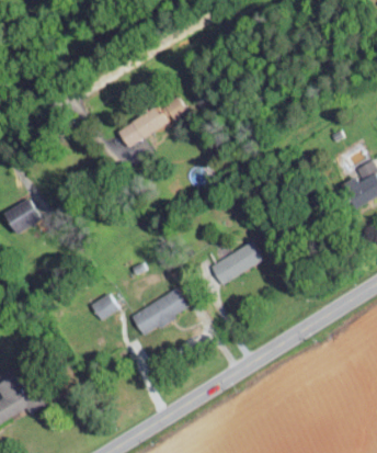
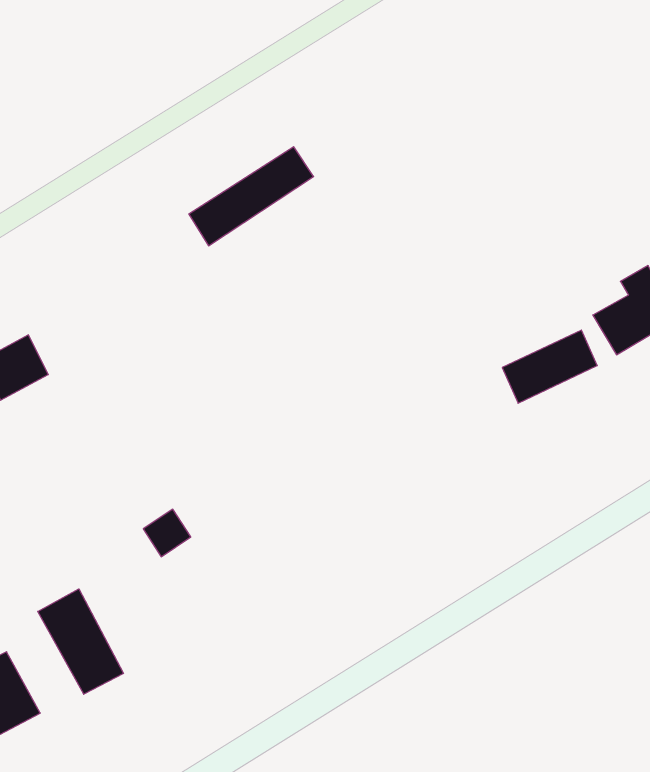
building: [212,242,264,283] -> [502,330,597,403]
building: [132,290,185,336] -> none
building: none -> [38,589,123,694]

